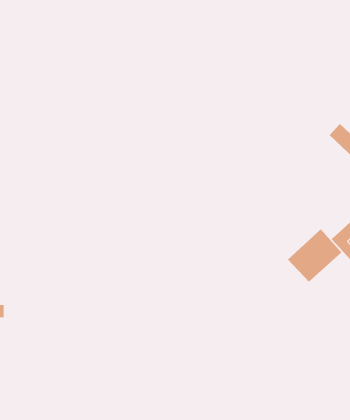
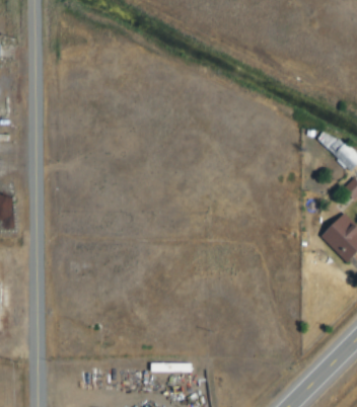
building: [287,228,342,282] -> none

